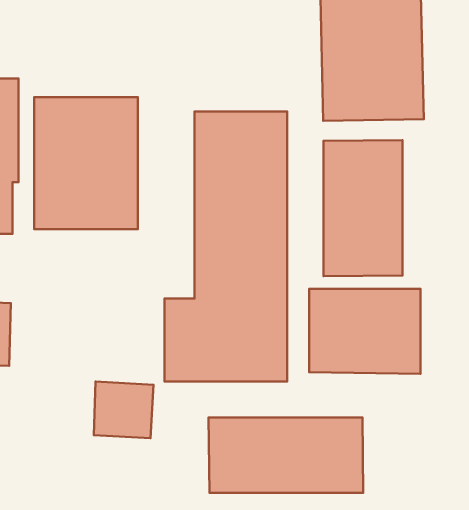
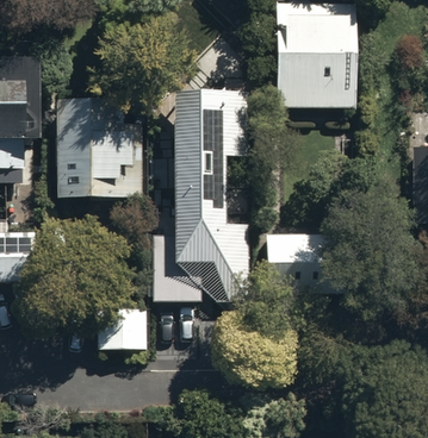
building: [323,140,403,276] -> none
building: [209,418,363,493] -> none

